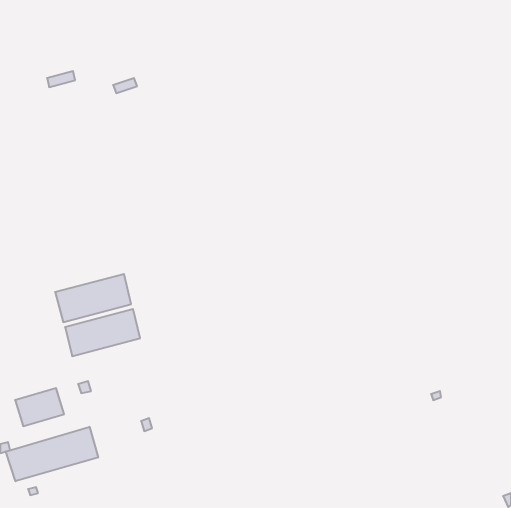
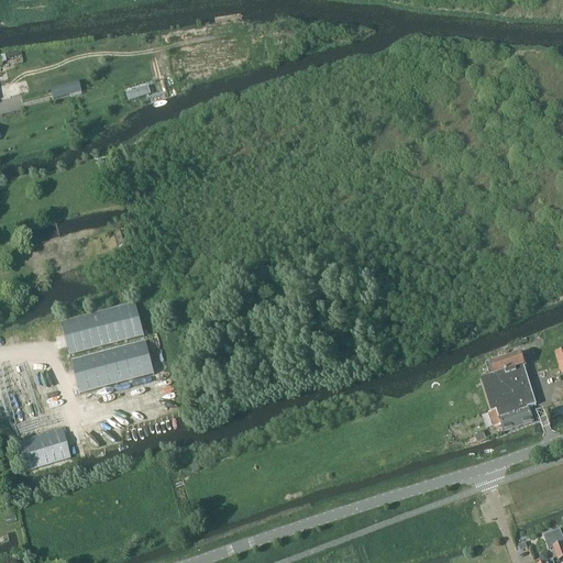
building: none -> [482,350,537,429]
building: [6,427,98,481] -> none

